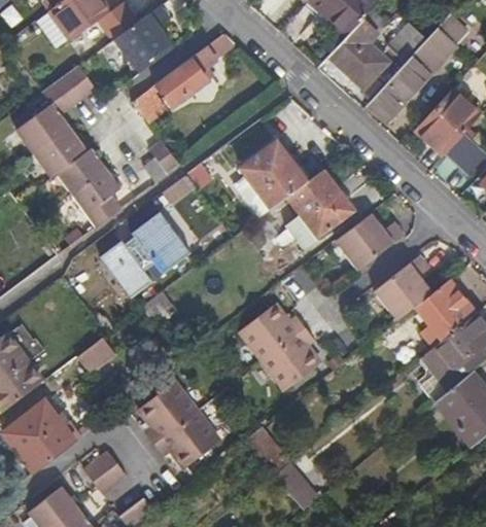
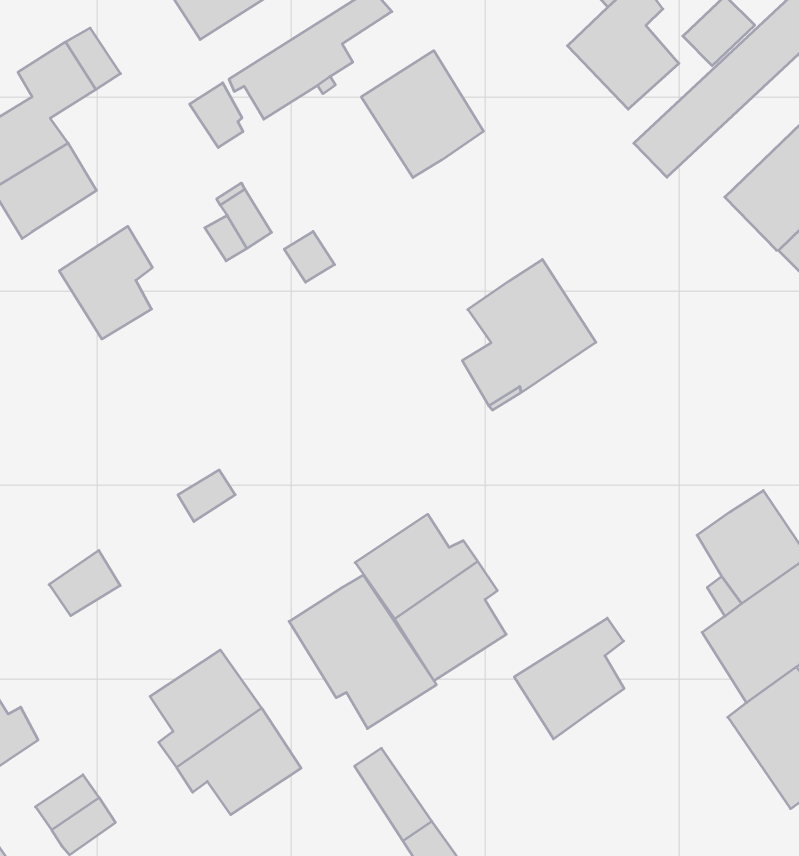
building: [242,141,307,208] -> [361,51,483,178]
building: [57,148,106,192] -> none
building: [103,212,189,295] -> none
building: [334,214,404,271] -> none
building: [373,257,430,322] -> [514,618,624,739]
building: none -> [289,575,436,729]

